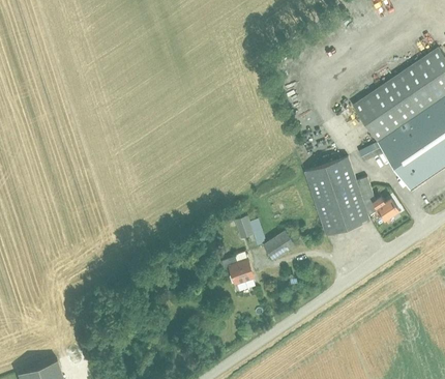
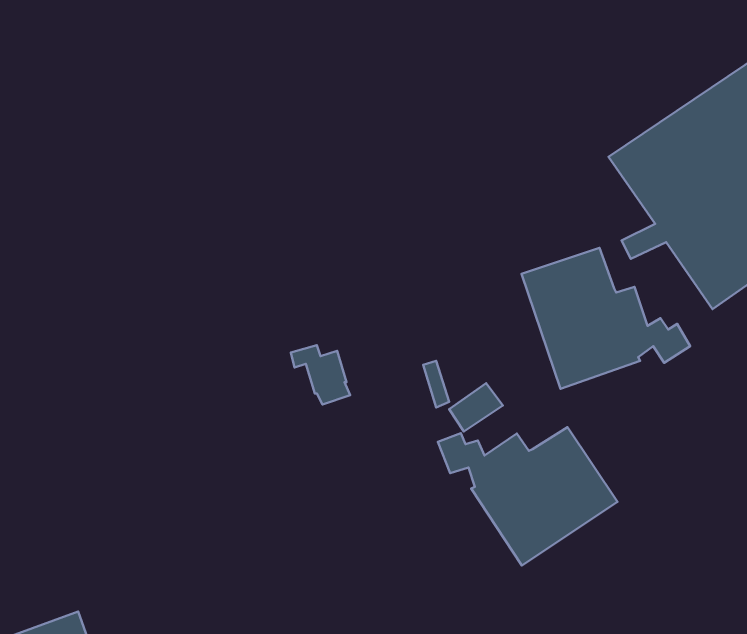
building: [221,256,255,289] -> [291,345,350,405]
building: none -> [438,427,618,566]

